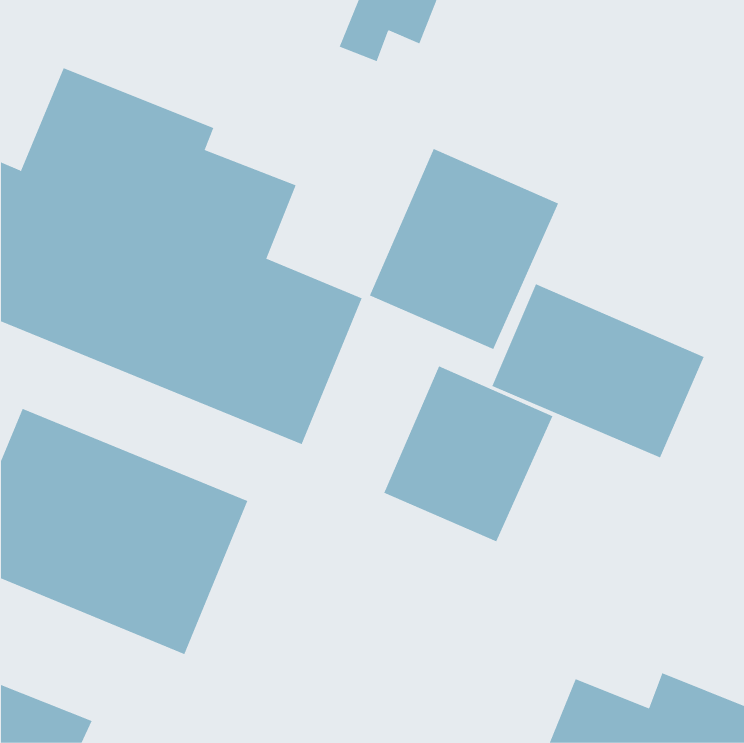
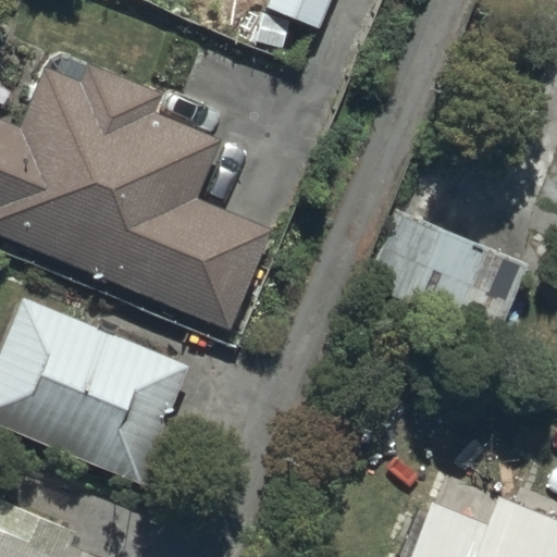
building: [369,148,559,350] -> none
building: [384,366,553,542] -> none

